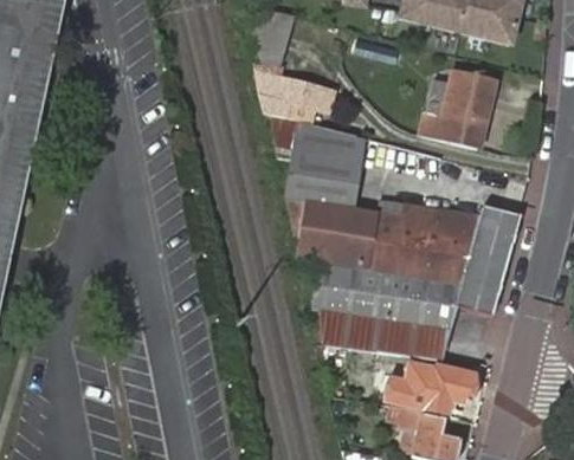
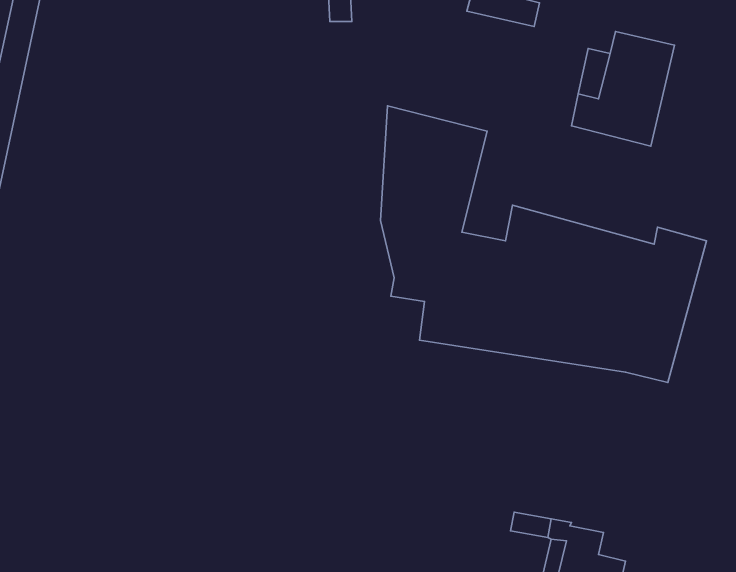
building: [262,76,334,114] -> none
building: [317,285,462,362] -> none
building: [412,367,477,414] -> none

